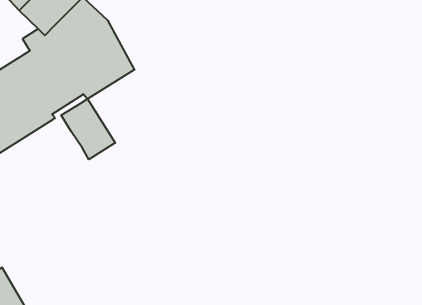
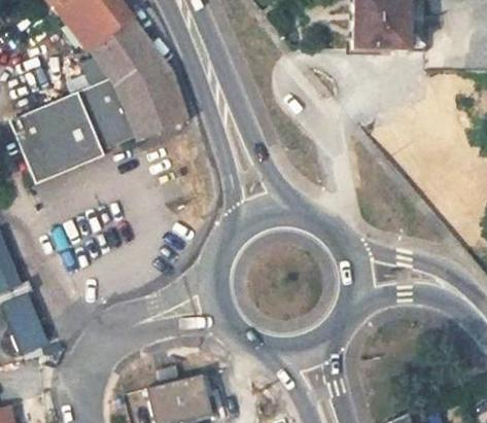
building: [61,99,115,159] -> none

